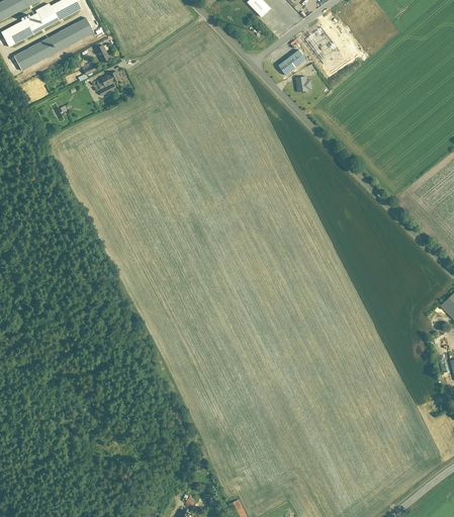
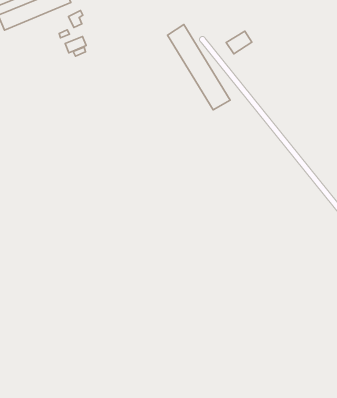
building: none -> [168,25,230,110]

